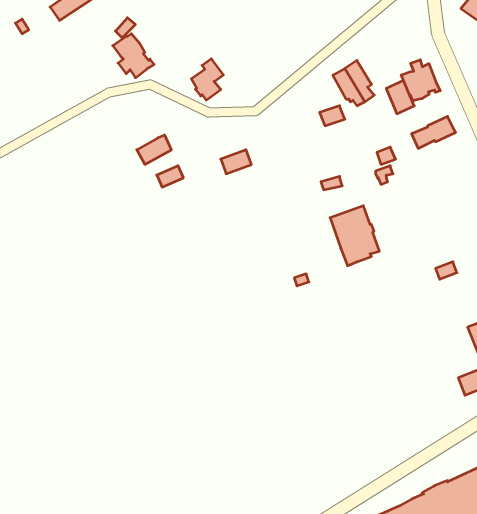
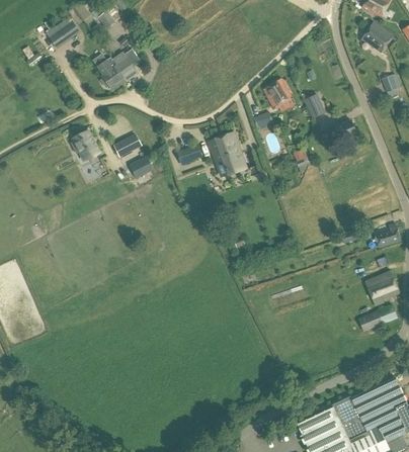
building: [191,59,223,100] -> [116,49,141,80]
building: [401,60,440,101] -> none
building: none -> [72,130,99,160]
building: [330,206,379,266] -> [209,131,246,177]

